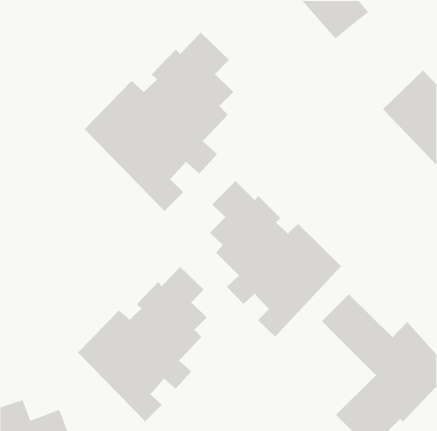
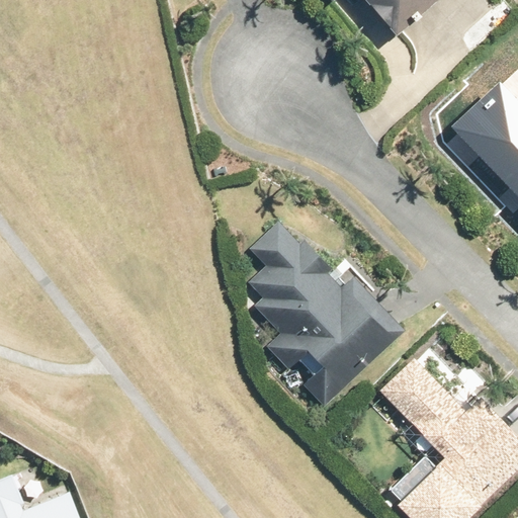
building: [84,32,234,212] -> none
building: [77,266,208,422] -> none

